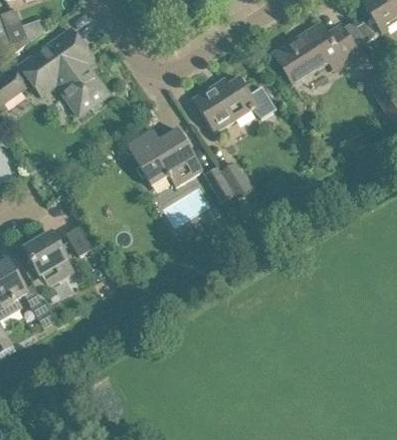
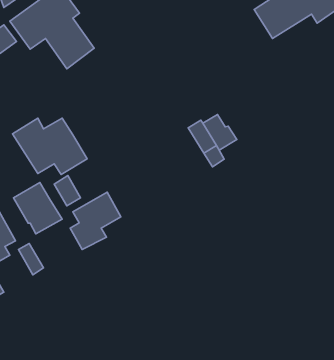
building: [192,76,275,133] -> none
building: [126,128,203,186] -> [13,118,87,175]
building: none -> [70,192,121,250]

